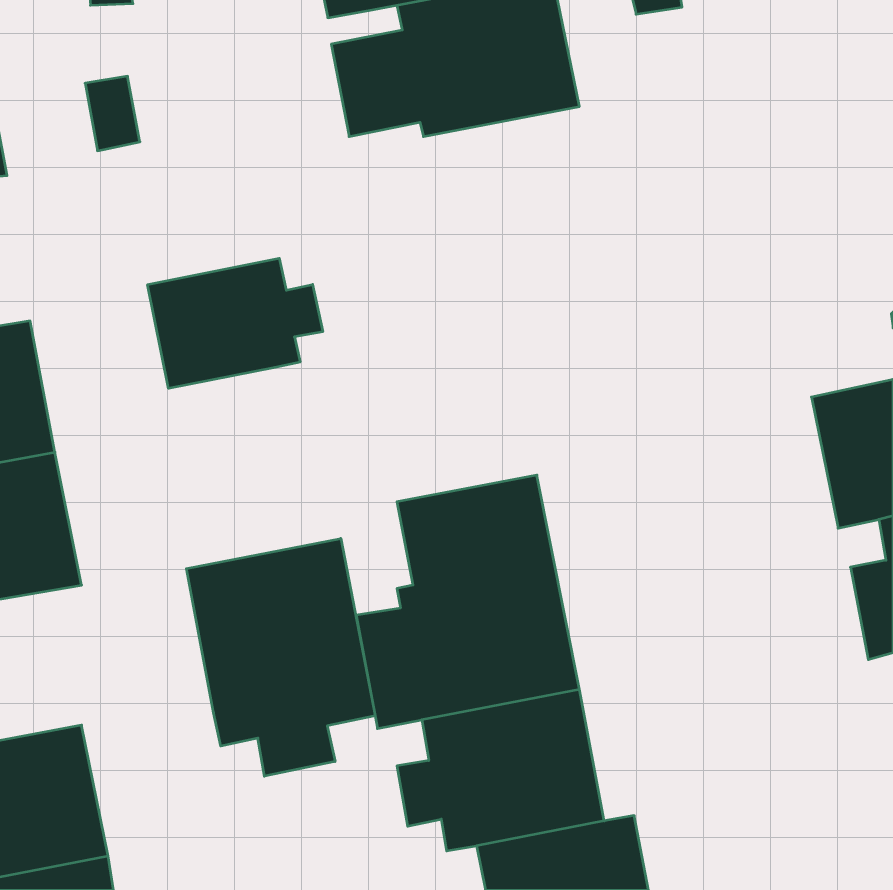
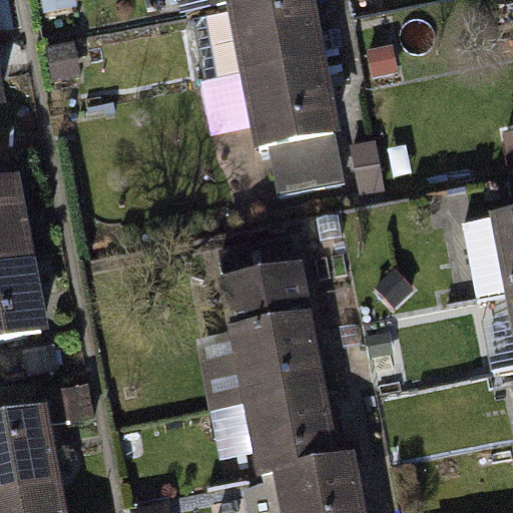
building: none -> [199,60,343,196]
building: [148,258,323,388] -> none
building: [186,538,375,776] -> none

